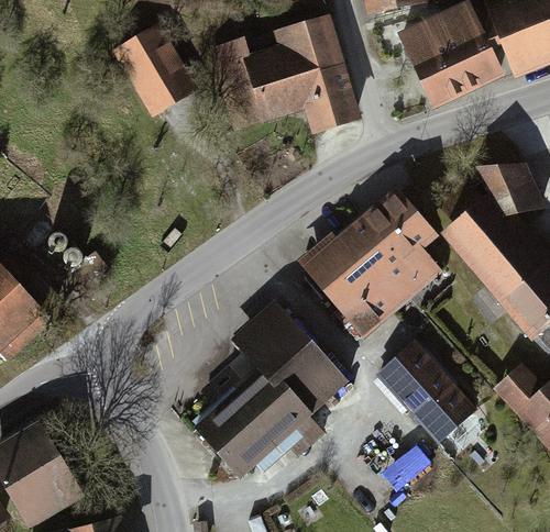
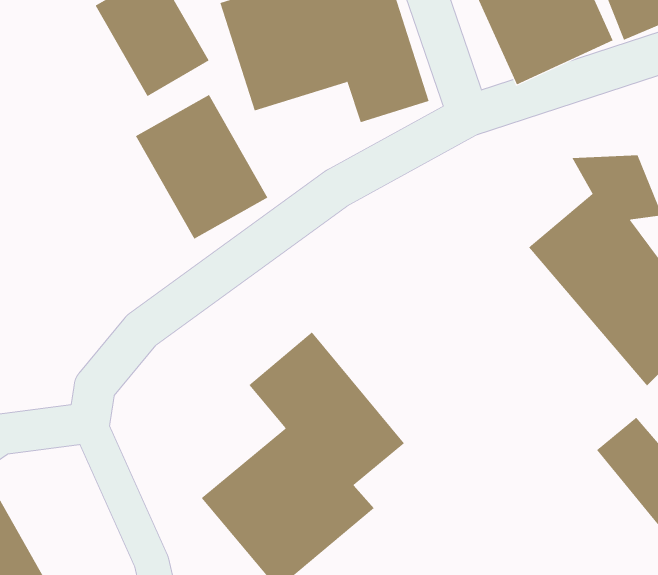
building: none -> [135,94,268,239]
building: [296,192,439,337] -> none
building: [377,341,477,443] -> none

